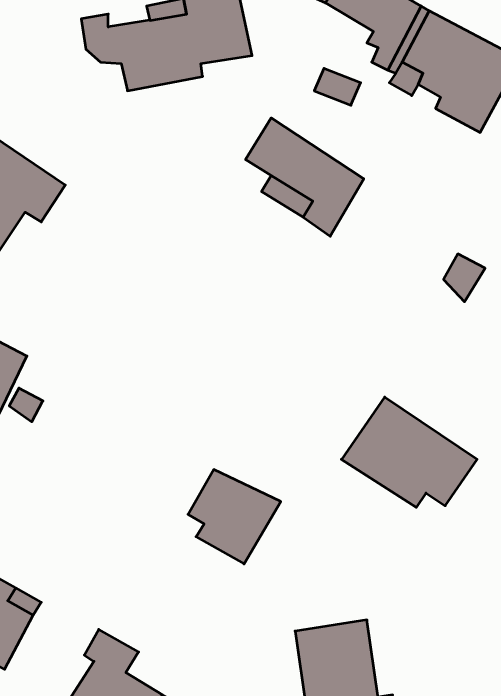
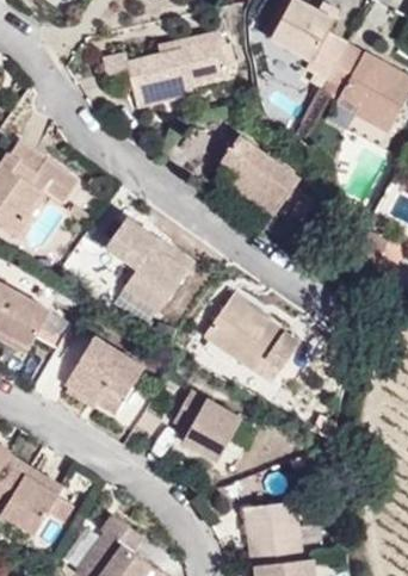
building: none -> [99,215,190,315]
building: [341,397,477,507] -> [198,290,299,372]
building: none -> [63,335,140,411]

